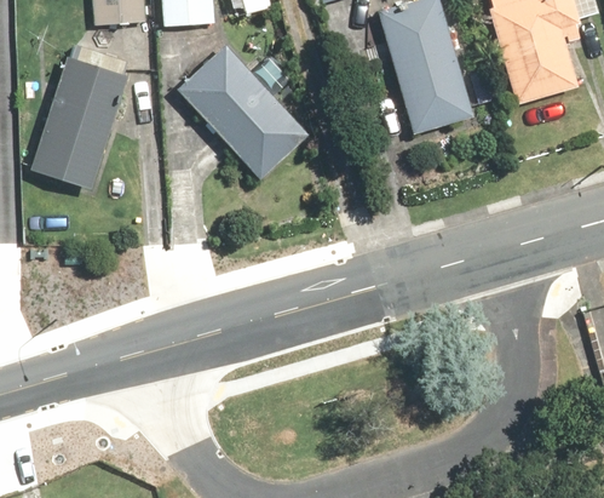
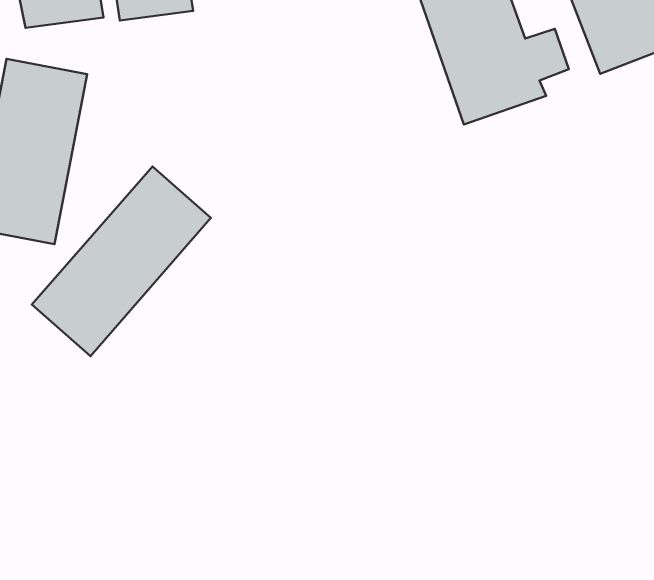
building: [178,42,309,176] -> none
building: none -> [32,166,211,356]

